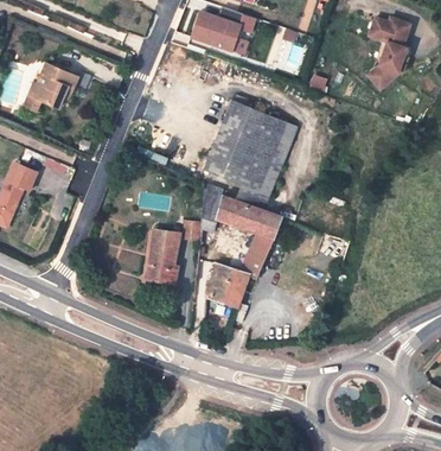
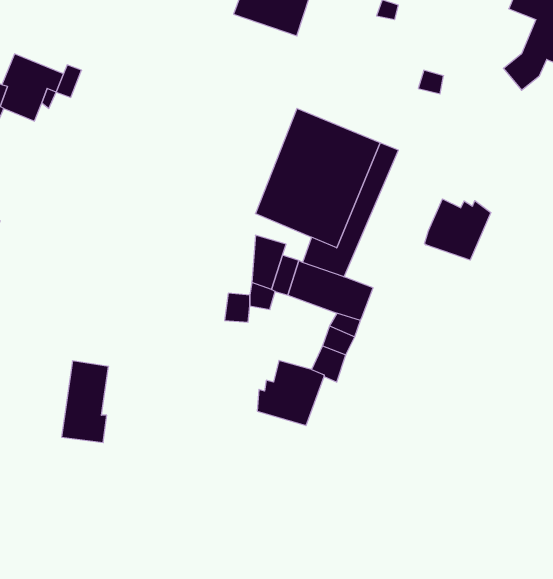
building: none -> [424,199,491,260]
building: [148,229,179,282] -> [62,361,109,443]

